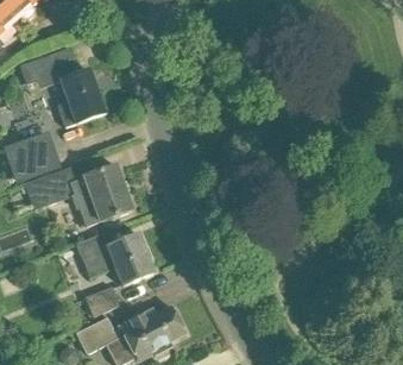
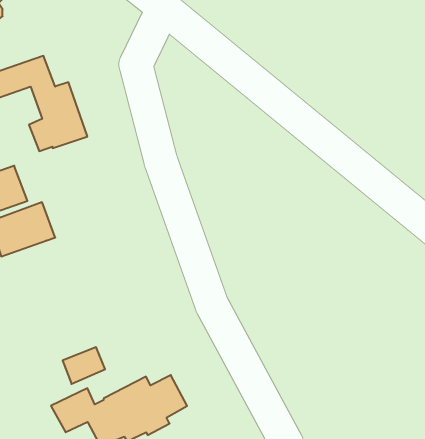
building: [68,162,132,226] -> none
building: [76,231,155,284] -> none

